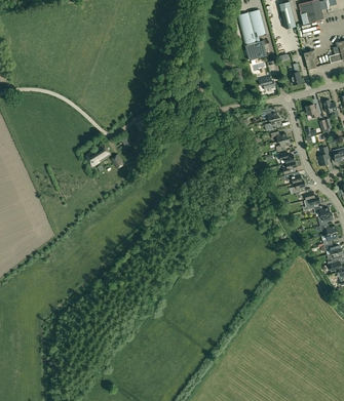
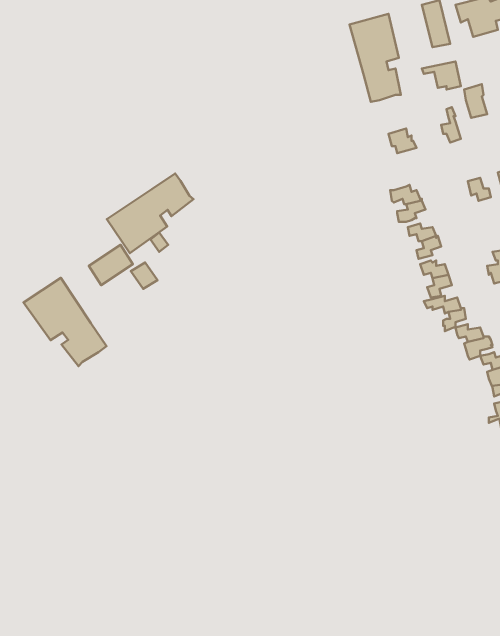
building: none -> [107,174,193,253]
building: none -> [24,278,107,366]

